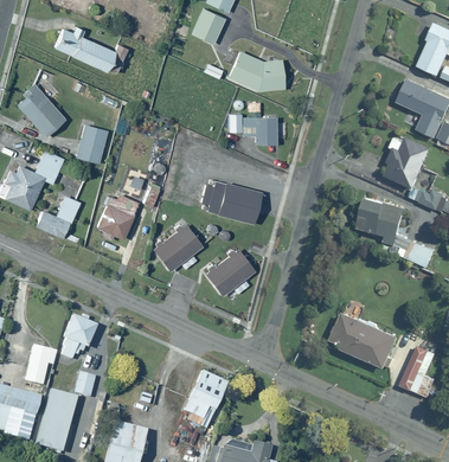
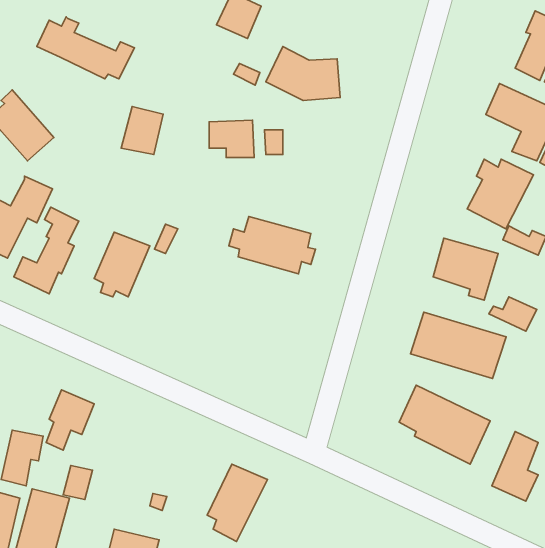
building: [243,116,277,145] -> [209,120,254,157]
building: [75,126,107,162] -> [121,106,163,154]
building: [152,224,204,271] -> none
building: [205,249,255,296] -> none
building: none -> [410,312,506,379]

